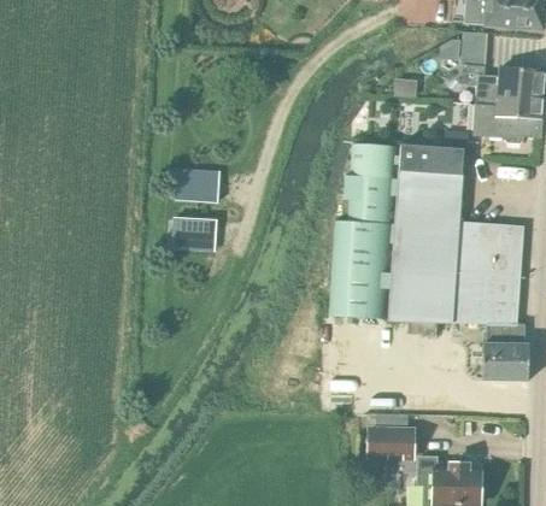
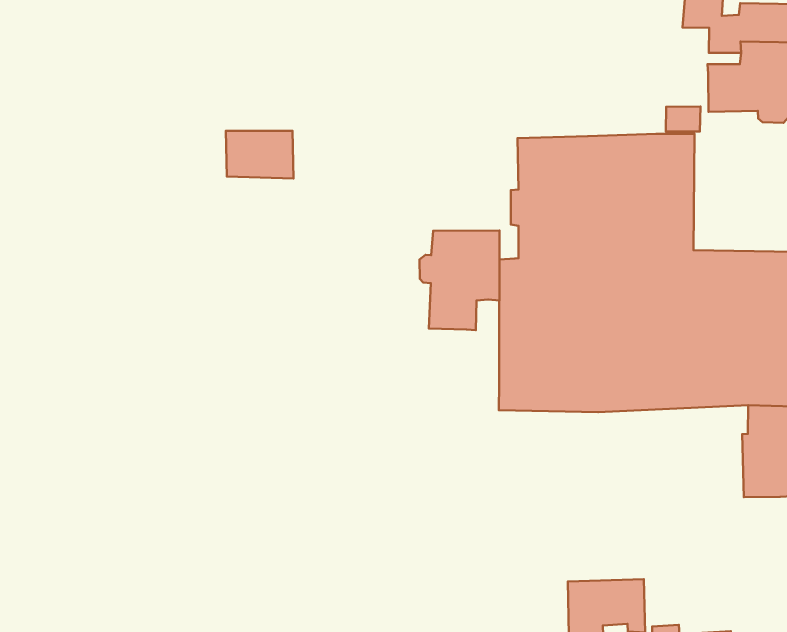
building: [176,169,219,201] -> [226,131,294,179]
building: none -> [419,230,500,330]
building: [172,218,217,249] -> none

